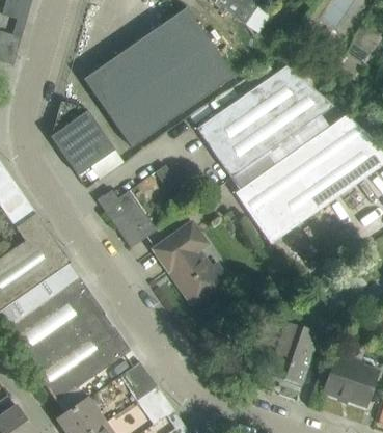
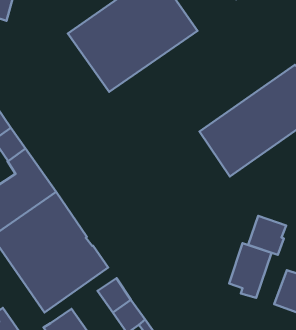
building: [198,65,333,177] -> none
building: [50,101,115,175] -> none
building: [97,190,157,248] -> none
building: [154,222,220,301] -> none
building: none -> [248,216,286,255]

